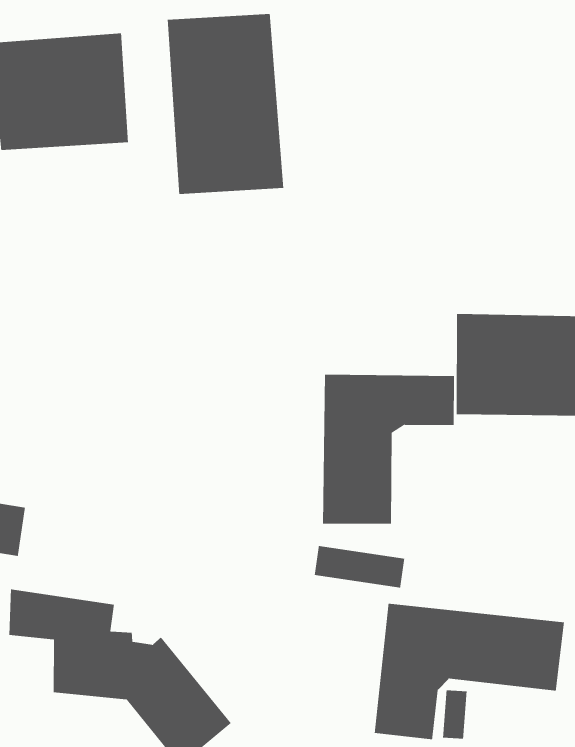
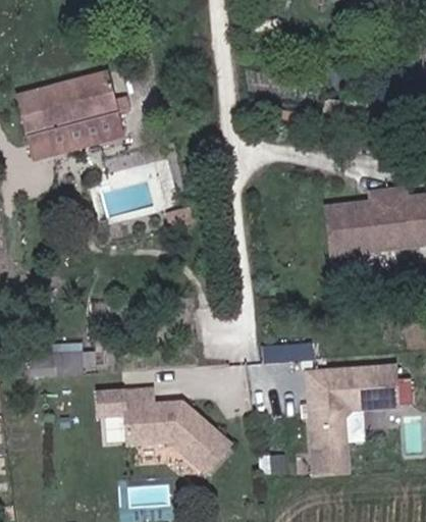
building: [167,13,284,195] -> none
building: [322,374,455,525] -> none

